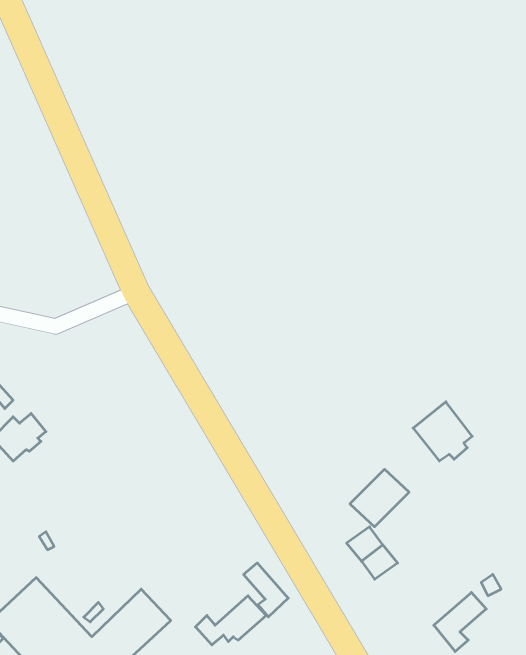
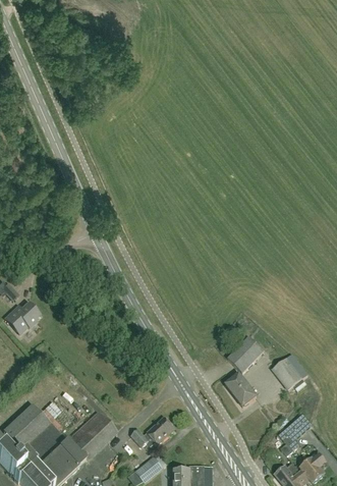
building: [413,402,472,461] -> [271,353,307,389]
building: [244,563,288,617] -> none

